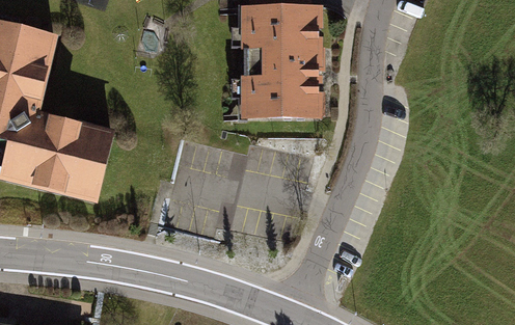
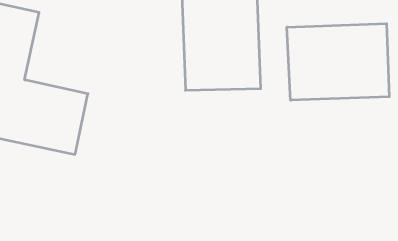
building: none -> [287,24,389,100]

